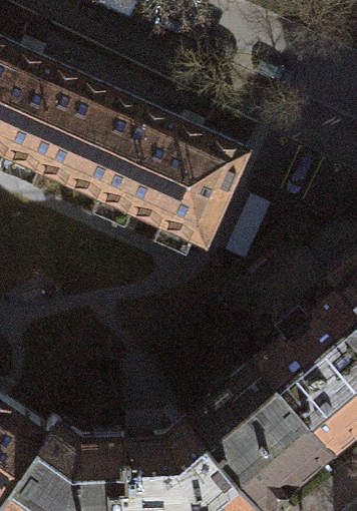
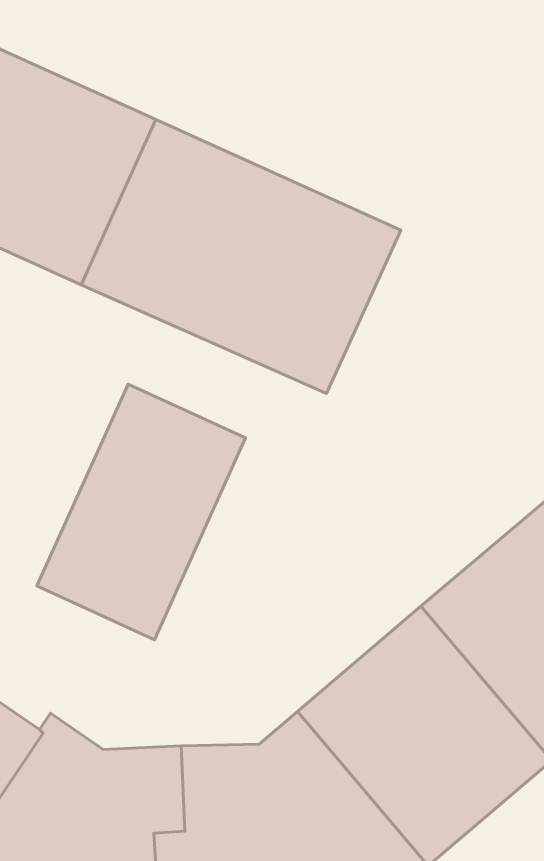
building: none -> [37,384,246,640]

